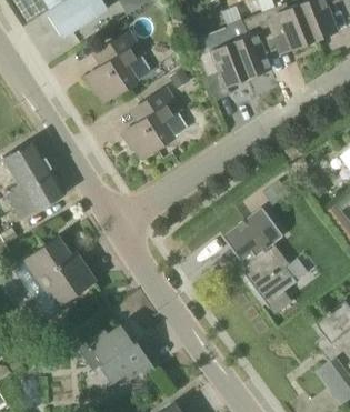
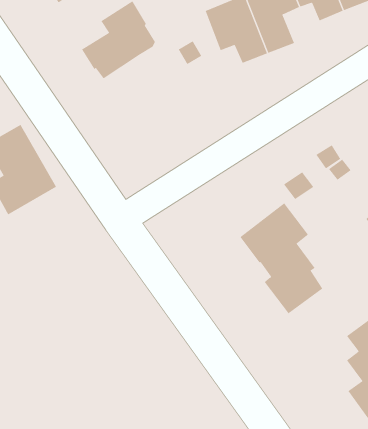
building: [122,88,187,158] -> none
building: [24,238,93,318] -> none
building: [82,324,151,384] -> none

